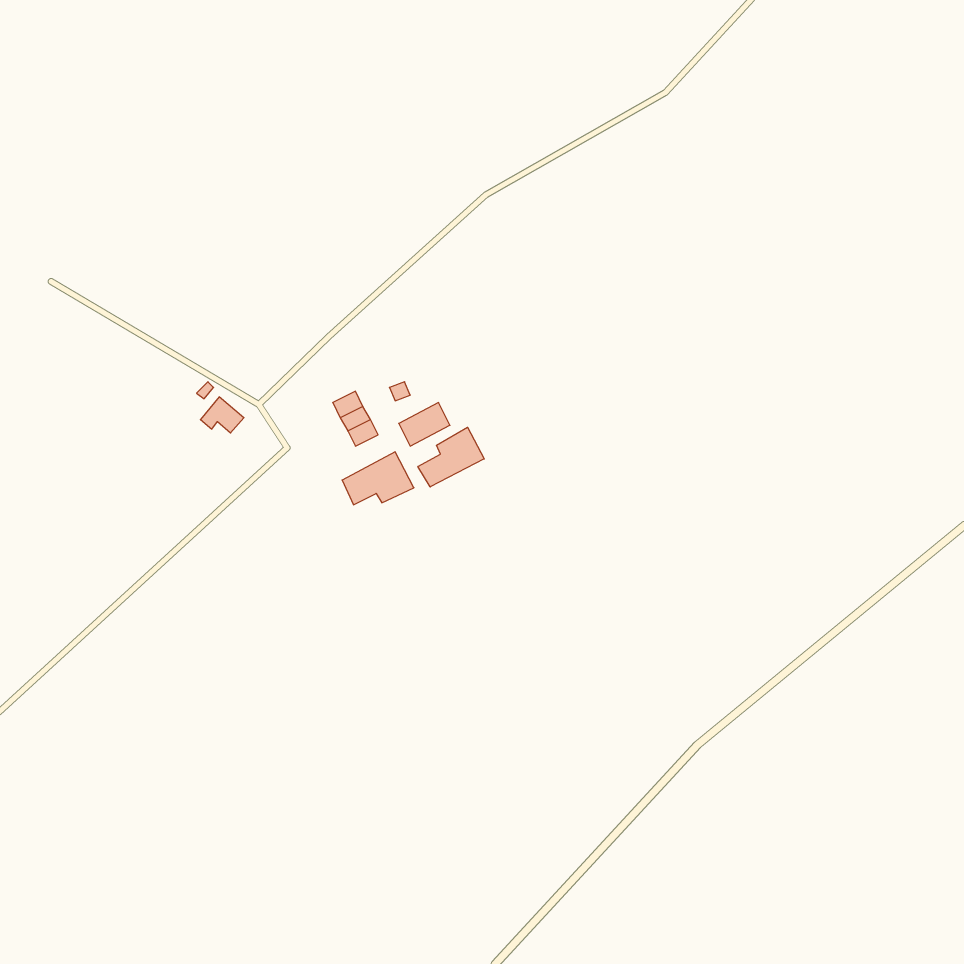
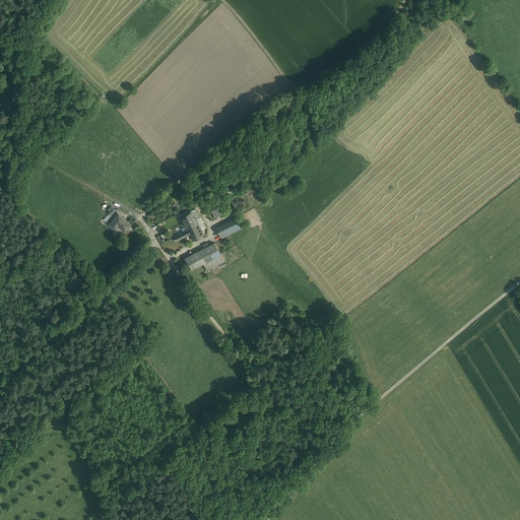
building: [418,427,484,487] -> none

